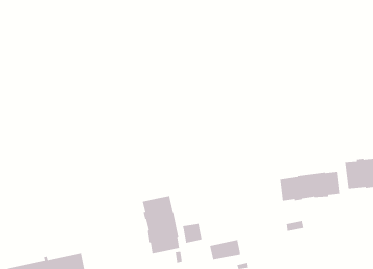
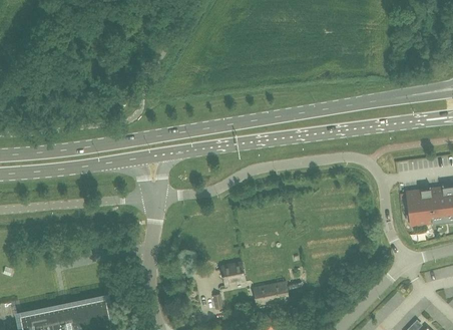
building: [279,171,341,202] -> none
building: [142,196,180,254] -> none

